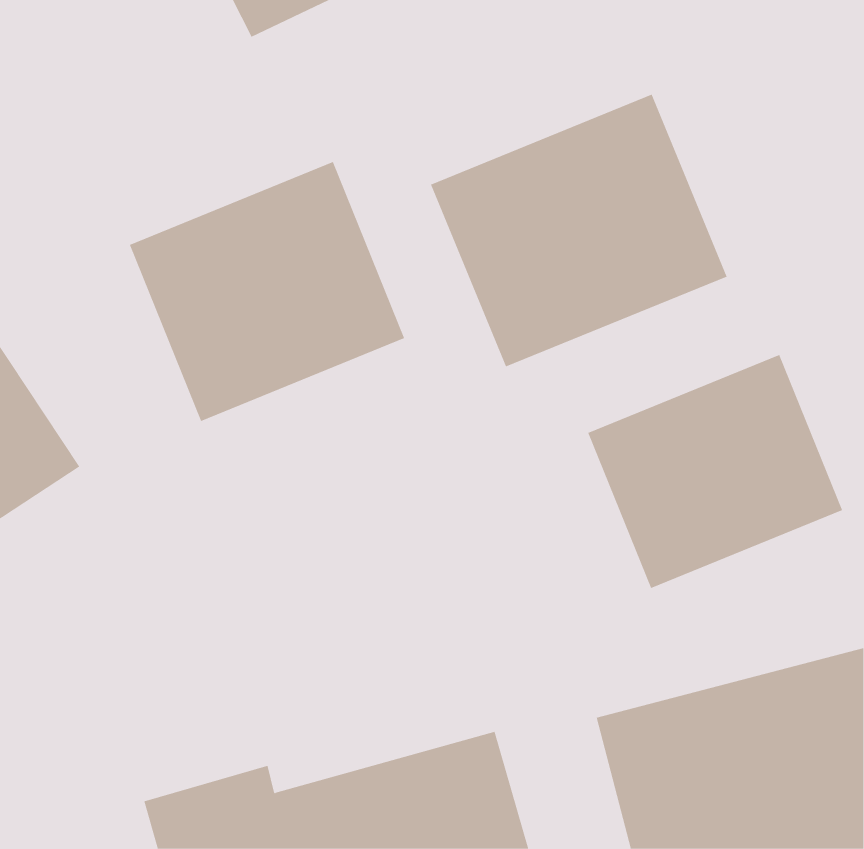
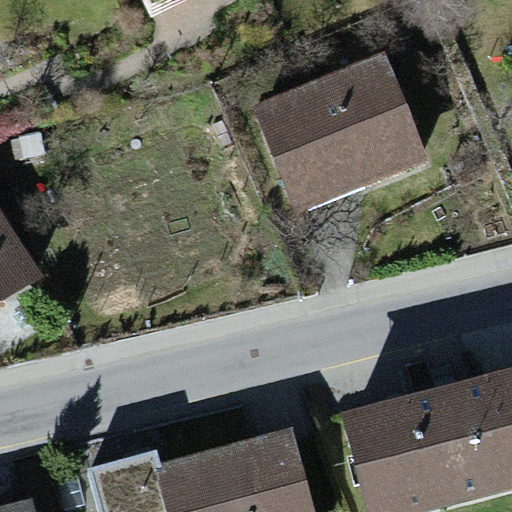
building: [129,161,405,422] -> none
building: [588,354,843,589] -> none

